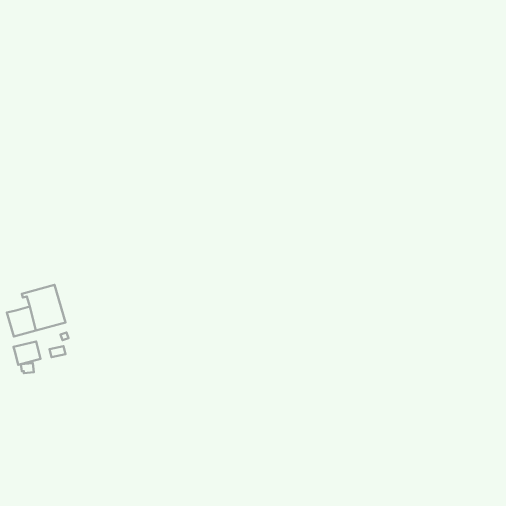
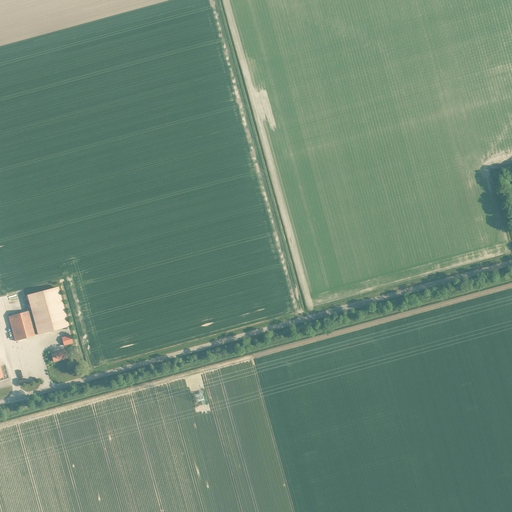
building: [13,342,40,365] -> none

